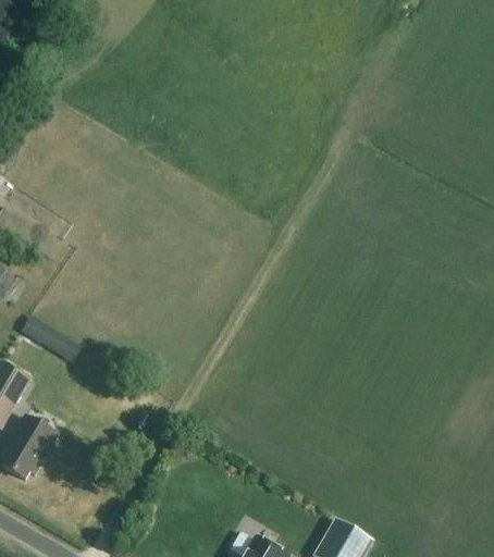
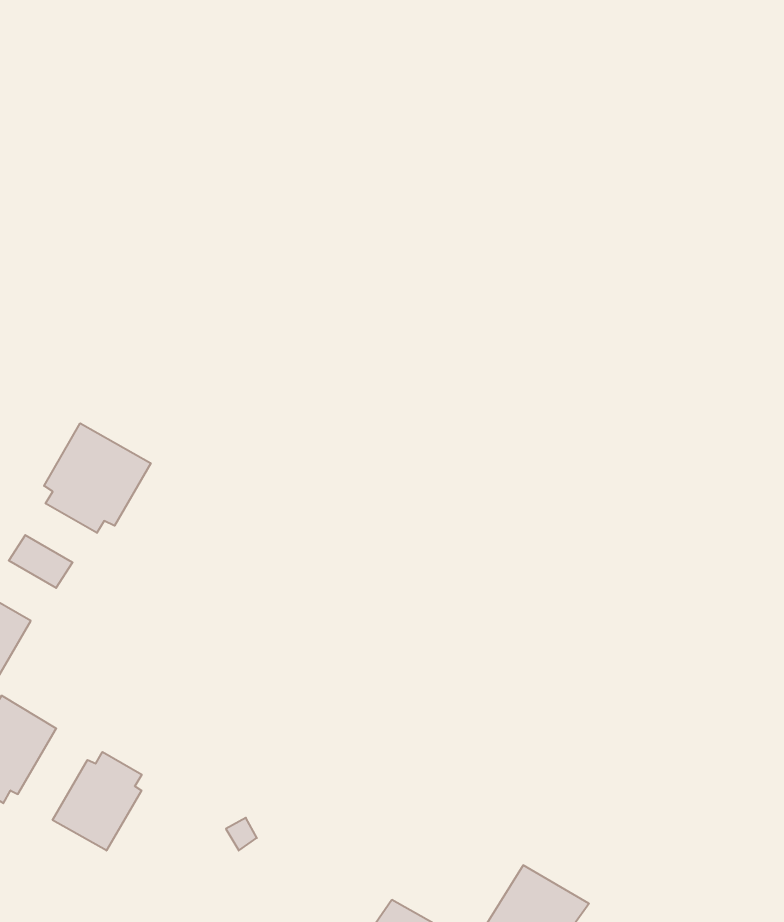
building: none -> [44,423,151,533]
building: none -> [53,752,142,851]

